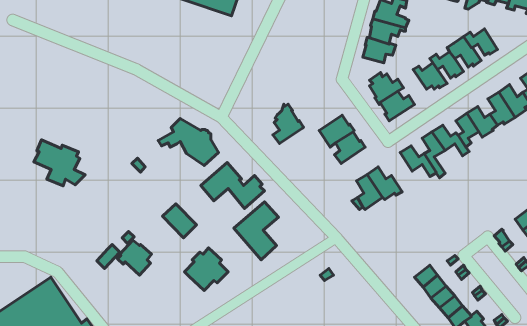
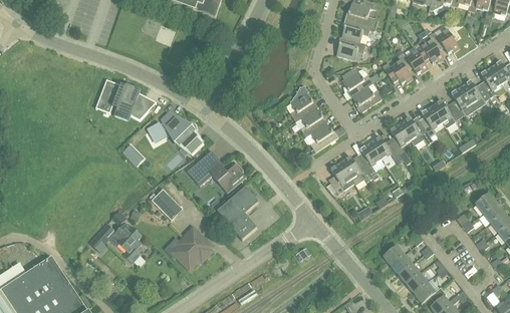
building: [273,104,304,143] -> [289,85,317,121]
building: [34,140,85,186] -> [101,79,149,121]
building: none -> [359,141,380,180]

